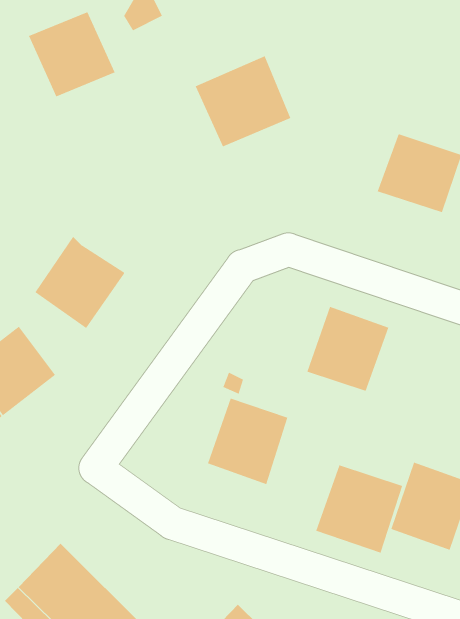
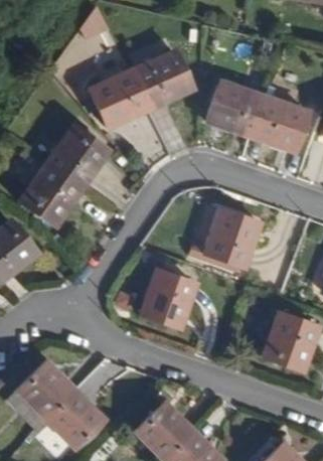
building: [28,11,115,97] -> [94,63,151,120]
building: none -> [209,79,267,133]
building: none -> [52,126,113,187]
building: [316,465,403,553] -> none

